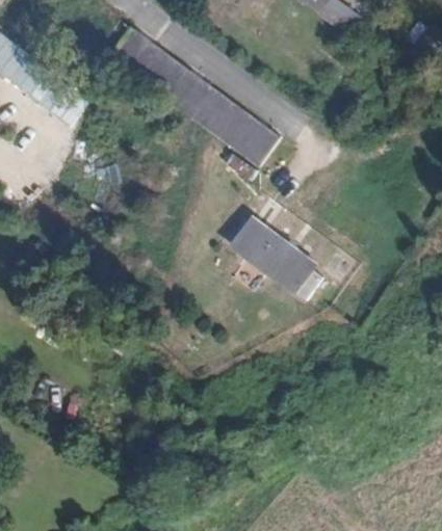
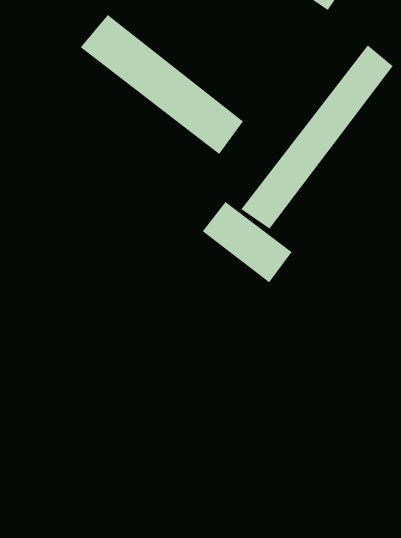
building: none -> [241,44,394,229]

